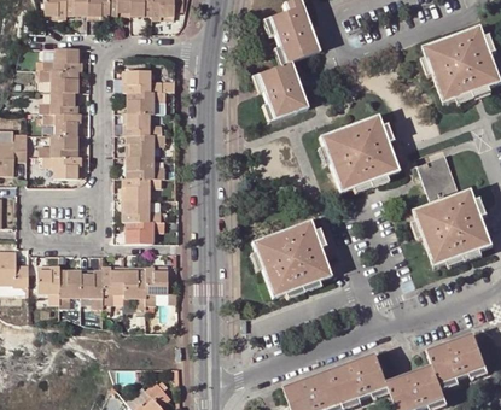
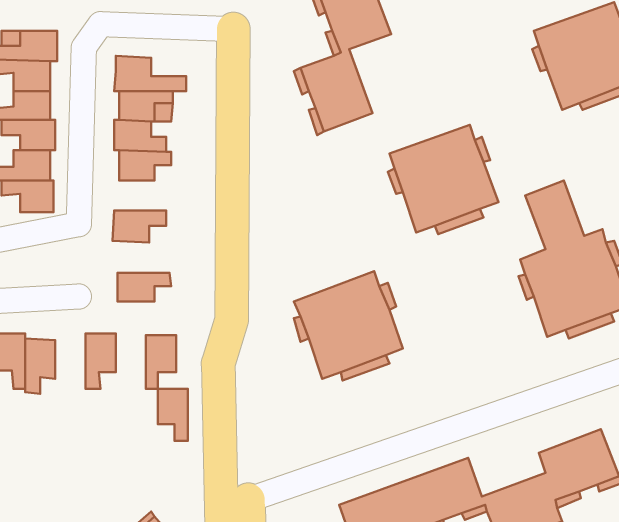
building: [126,154,163,176] -> none
building: [121,198,159,221] -> none
building: [80,269,101,308] -> none
building: [123,270,145,308] -> [158,389,188,441]

